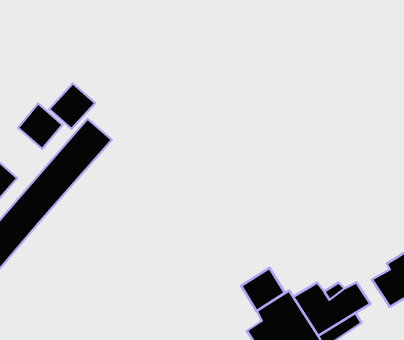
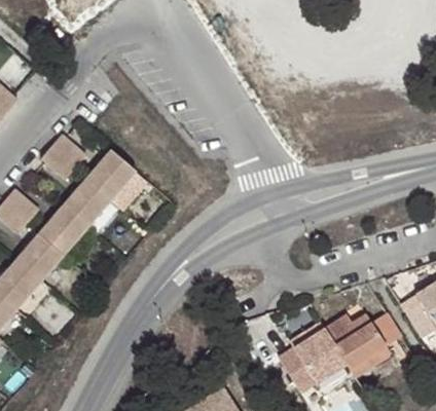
building: [49,84,95,129] -> none
building: [241,268,285,311] -> none

